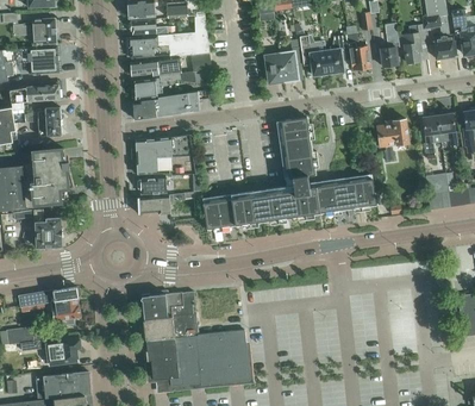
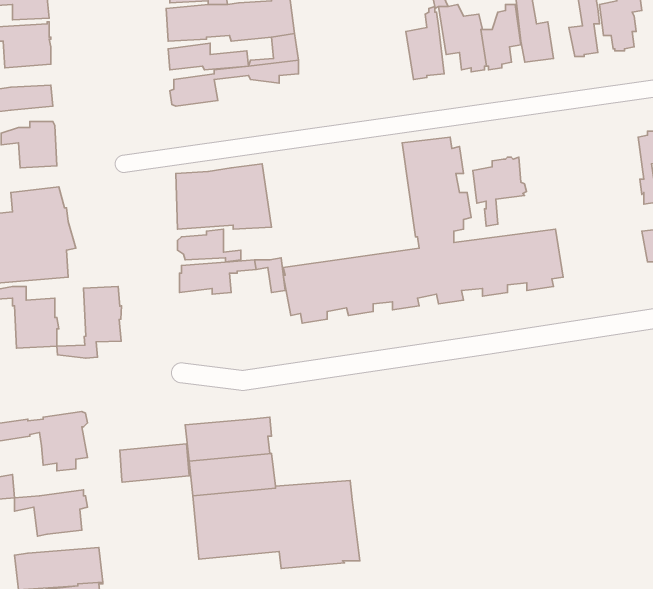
building: [262,52,283,83] -> none
building: [133,92,199,120] -> none
building: [377,119,411,162] -> [473,157,527,226]
building: none -> [57,286,121,358]
building: none -> [120,444,189,482]

